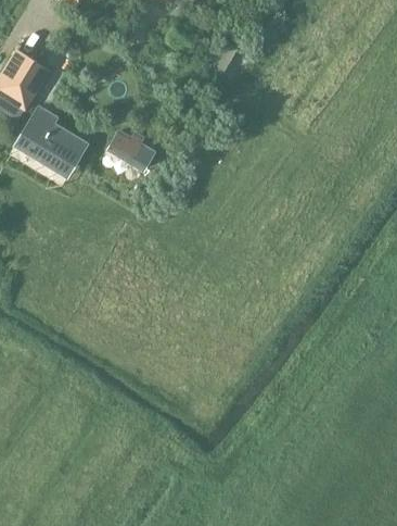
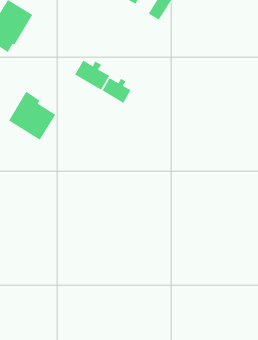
building: [15,105,80,173] -> [8,91,56,141]
building: none -> [102,77,131,104]

